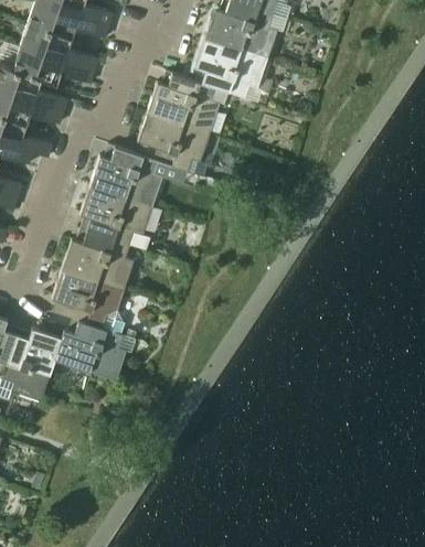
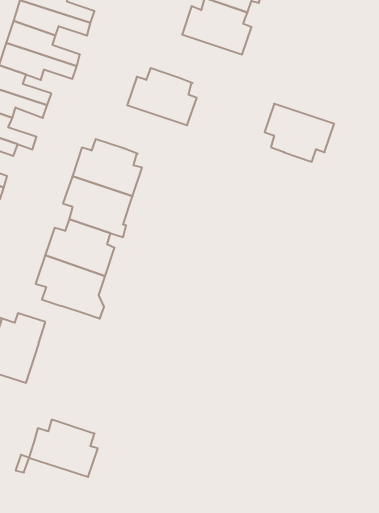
building: [195,37,268,98] -> [265,104,334,162]
building: [138,111,211,172] -> none
building: [55,321,127,380] -> [29,420,98,477]

